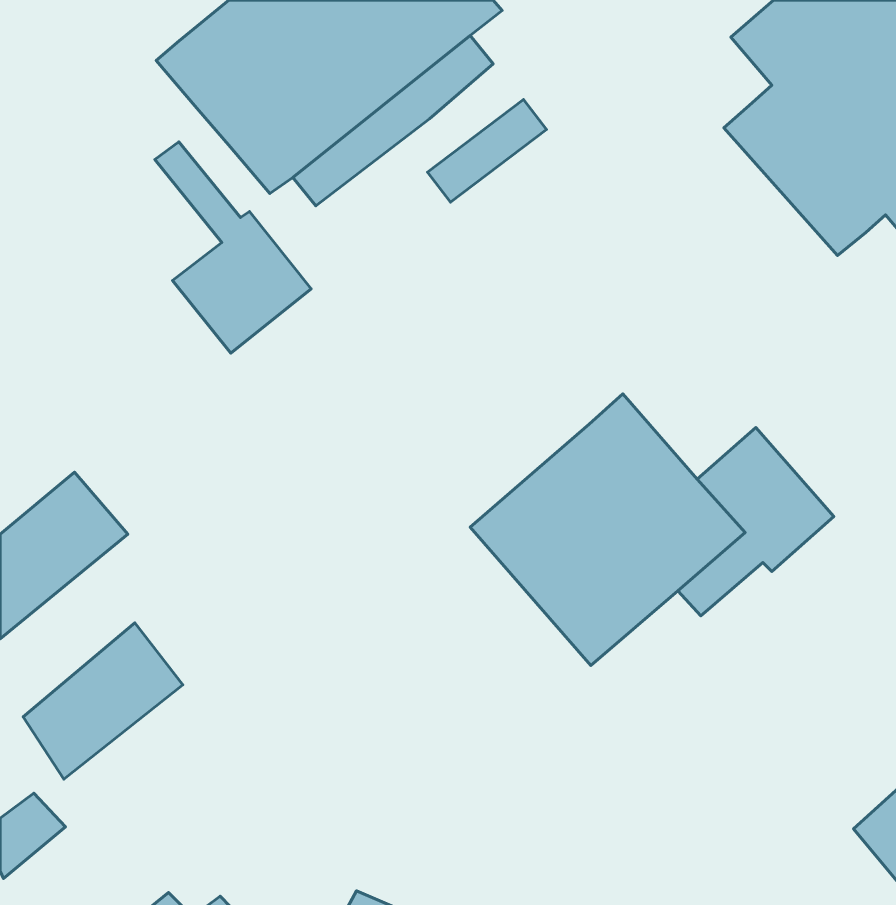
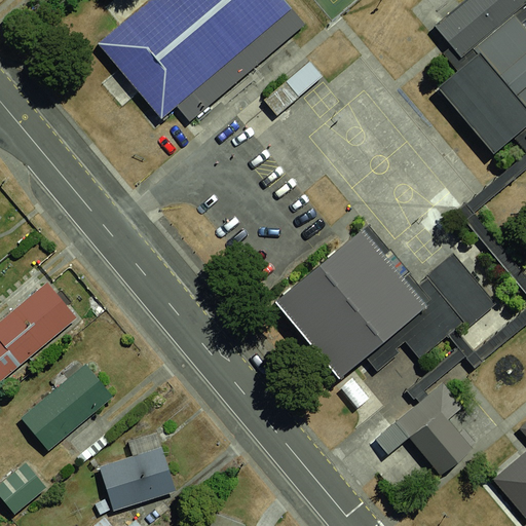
building: [155,142,311,353] -> none
building: none -> [396,386,485,472]
building: none -> [97,446,180,512]

